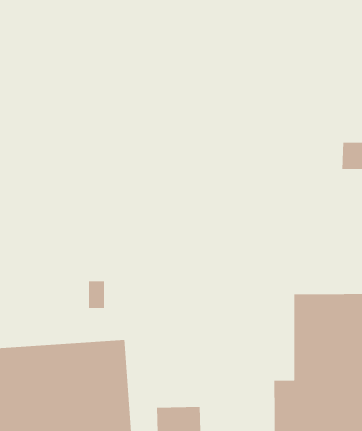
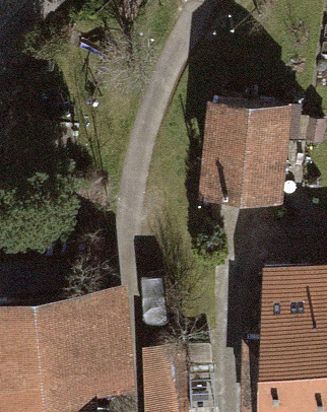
building: none -> [203,101,288,203]

